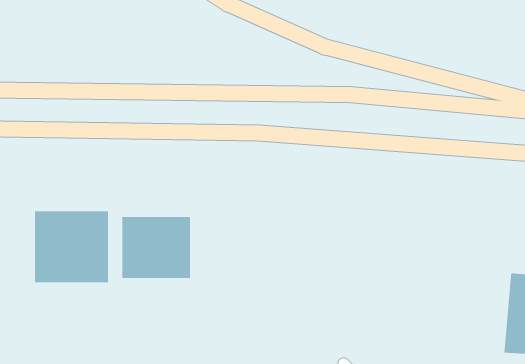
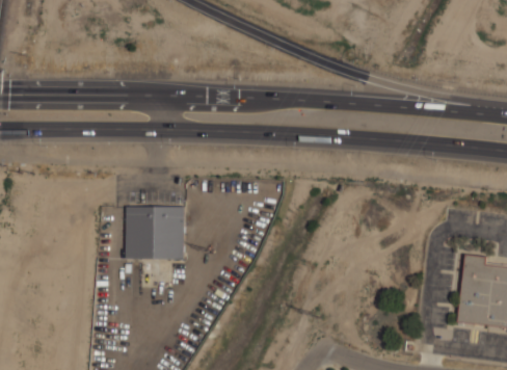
building: [35,211,108,283] -> none

